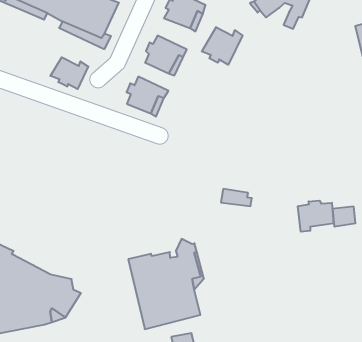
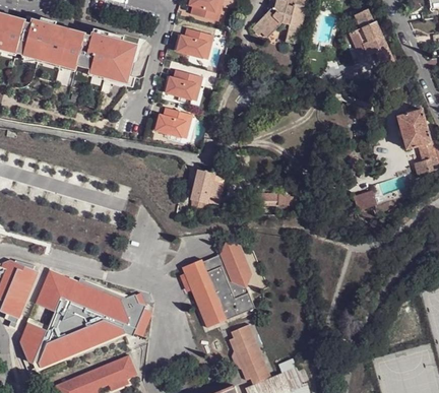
building: [202,27,242,65] -> none
building: [50,57,88,89] -> none
building: none -> [190,171,224,209]
building: [298,201,334,232] -> none

